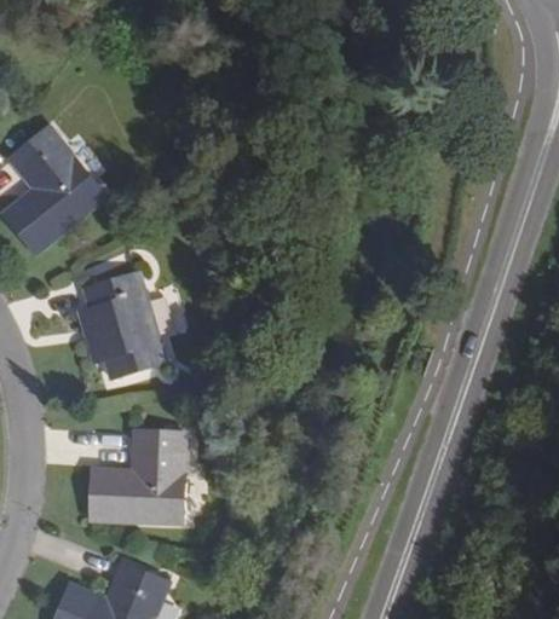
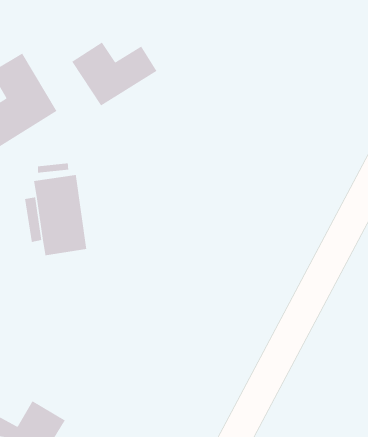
building: none -> [71,41,157,106]
building: [93,433,184,521] -> none

